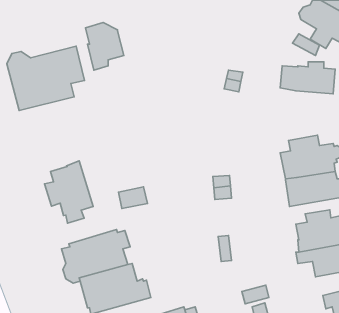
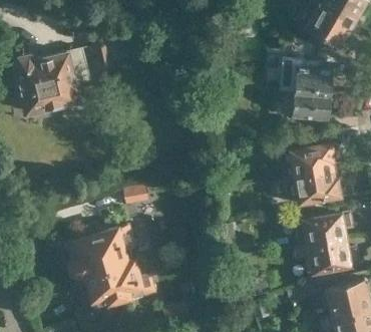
building: none -> [275,89,330,120]
building: [44,161,93,223] -> none

